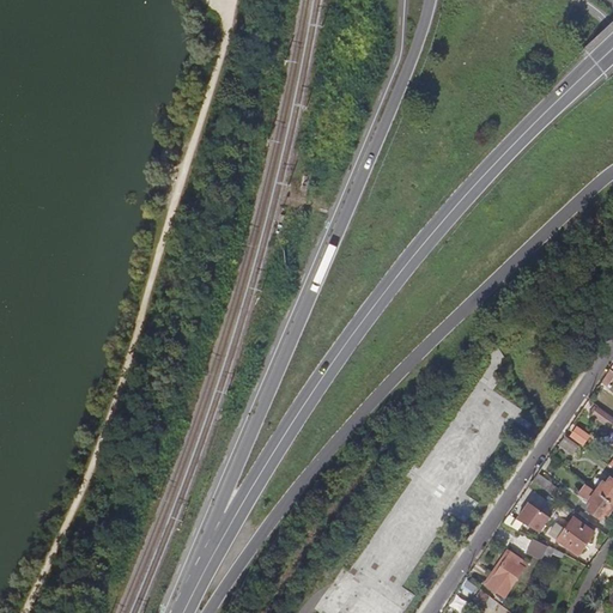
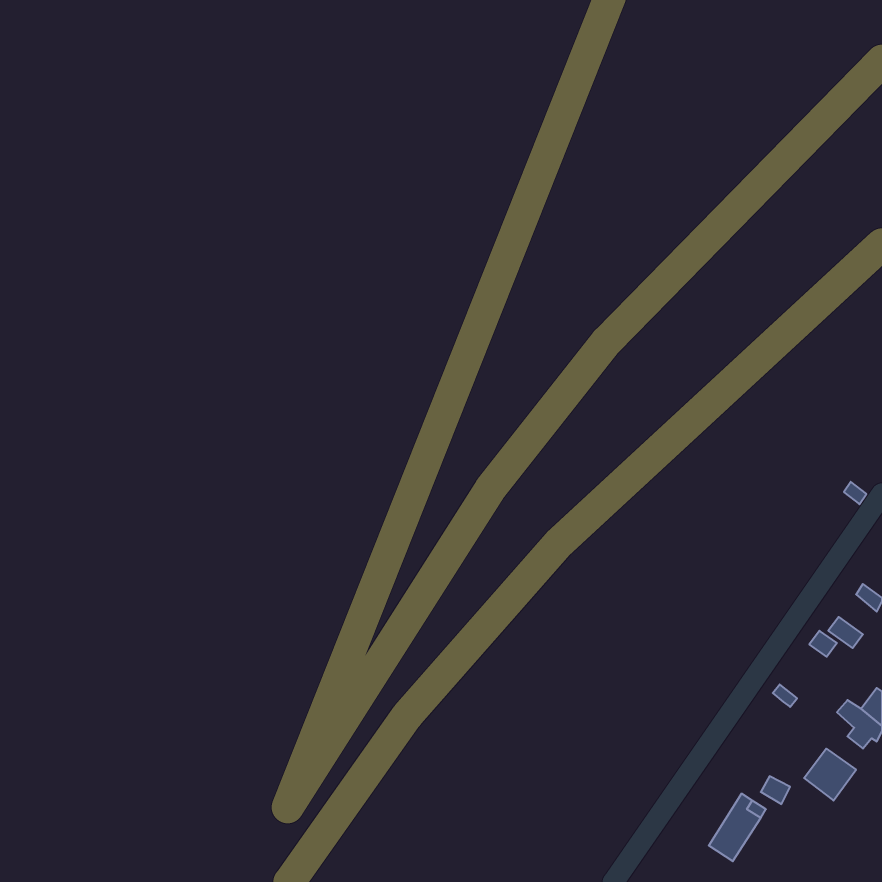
building: [504,502,550,534] -> none

